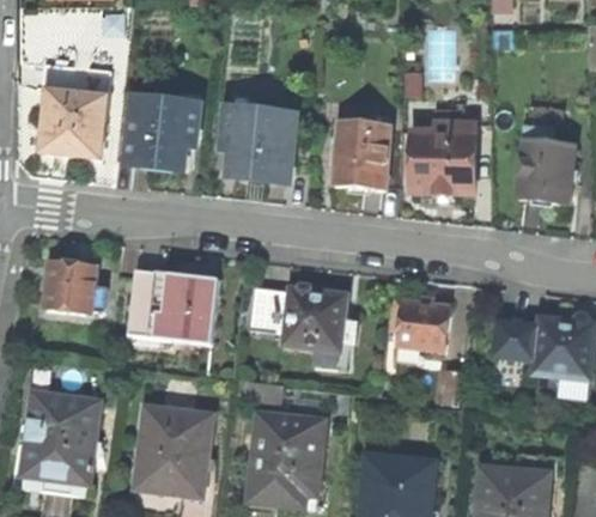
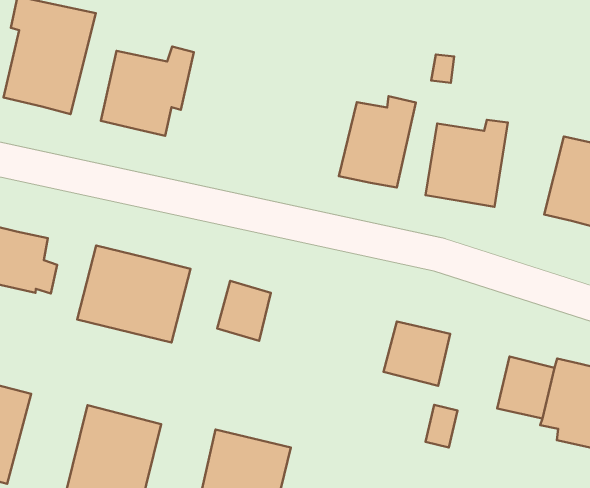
building: [225,97,293,181] -> none
building: [284,287,357,367] -> none

